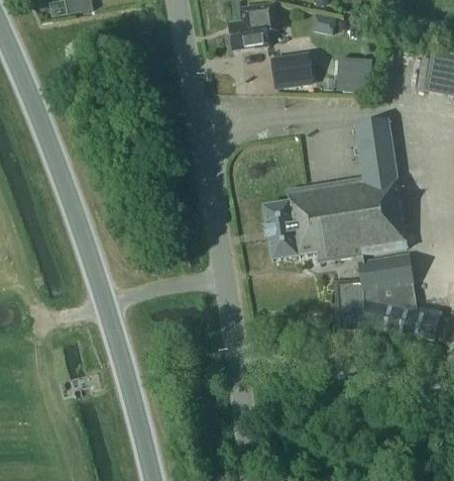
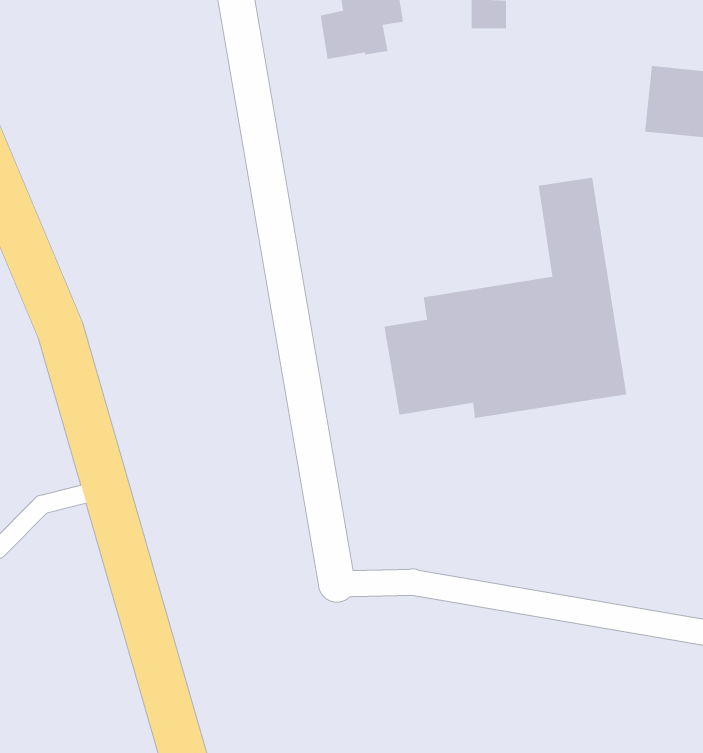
building: [271,52,311,84] -> none
building: [337,58,371,91] -> none
building: [335,251,438,338] -> none

